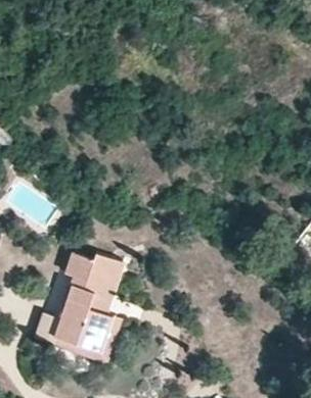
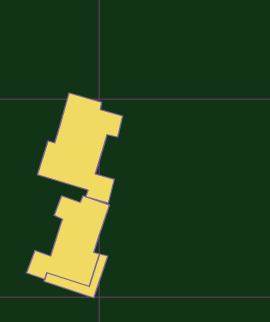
building: none -> [37,93,122,203]

